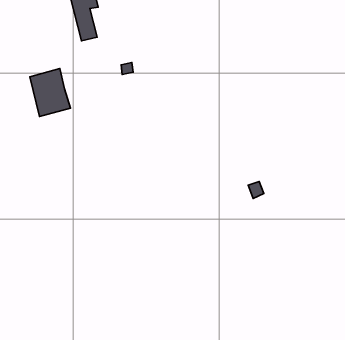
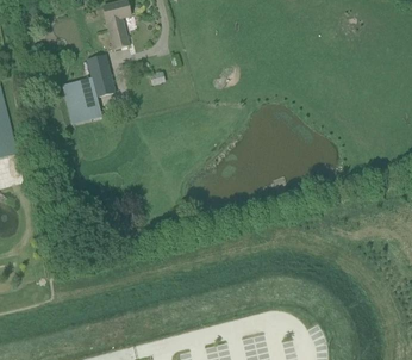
building: none -> [87,56,116,99]

